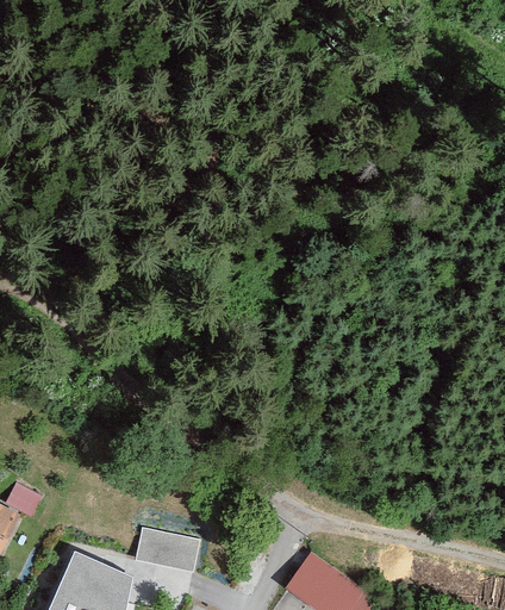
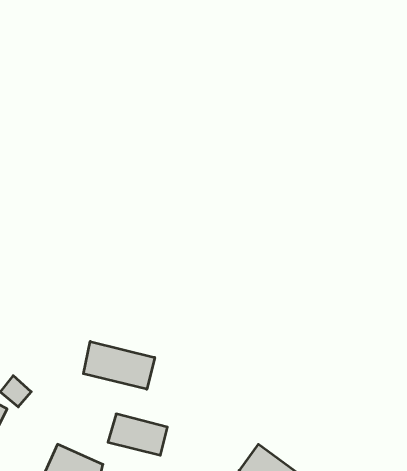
building: none -> [83,341,155,389]

